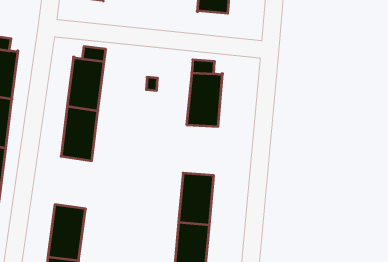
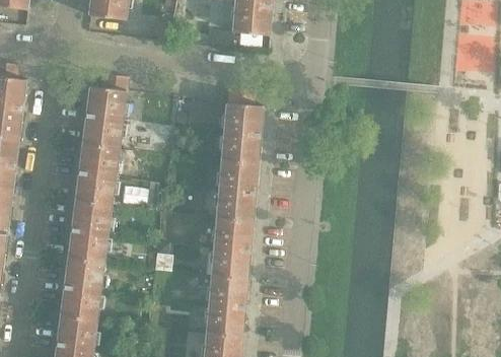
building: none -> [217,165,258,224]
building: none -> [69,202,112,263]

